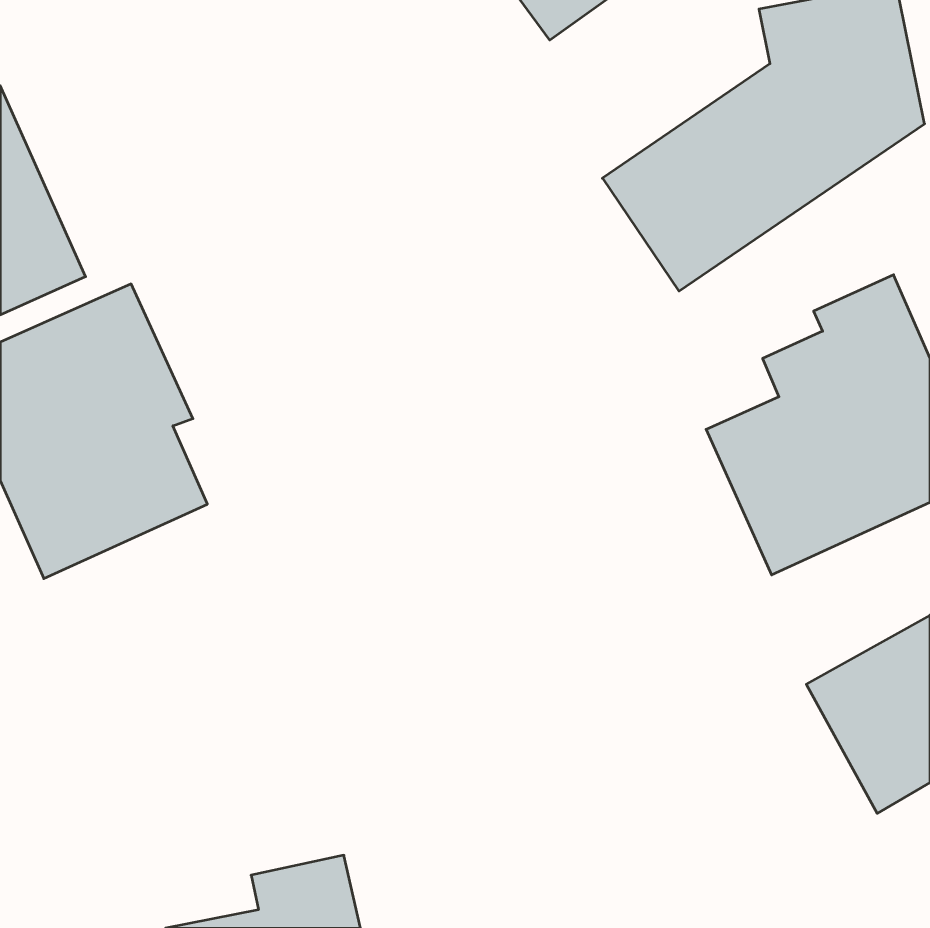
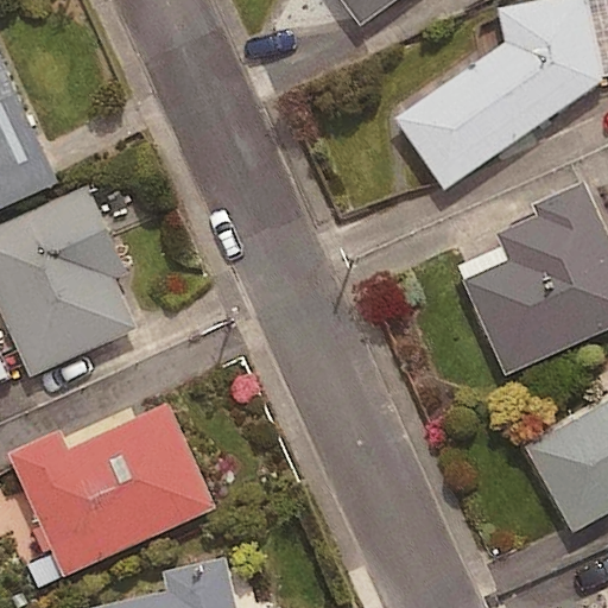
building: none -> [10,403,214,576]

